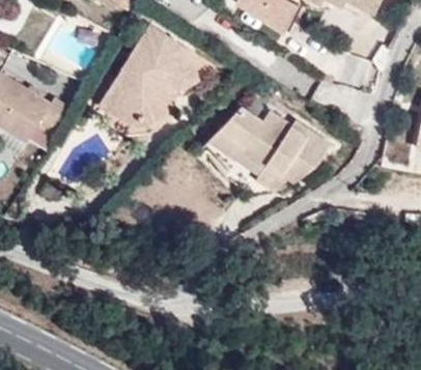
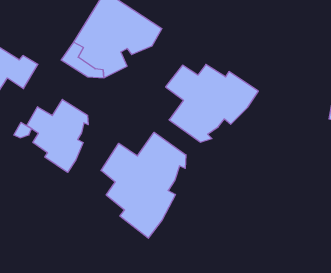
building: none -> [27,99,88,172]
building: none -> [101,132,186,238]

